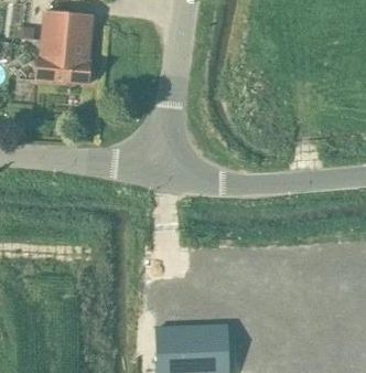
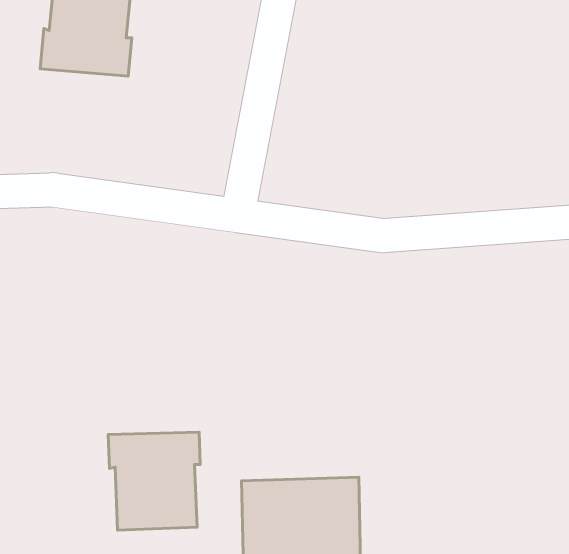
building: none -> [108,432,200,530]

